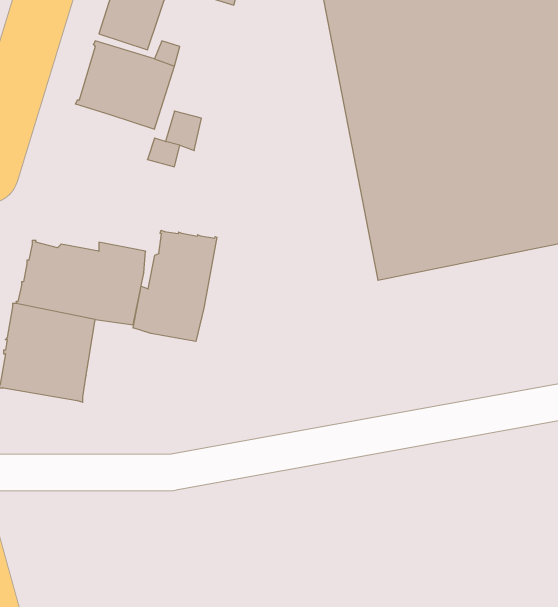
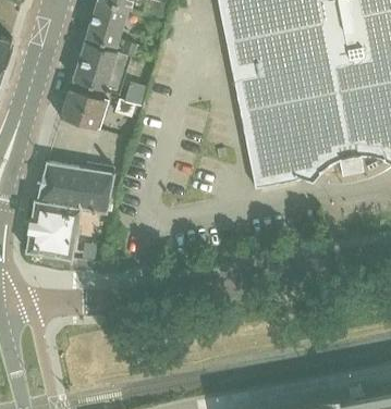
building: none -> [59,87,108,129]
building: [133,230,217,341] -> none

